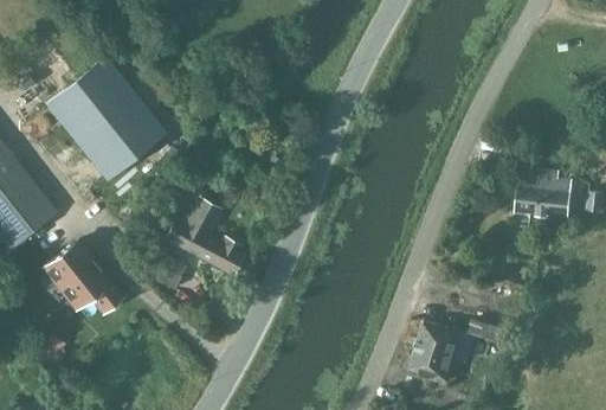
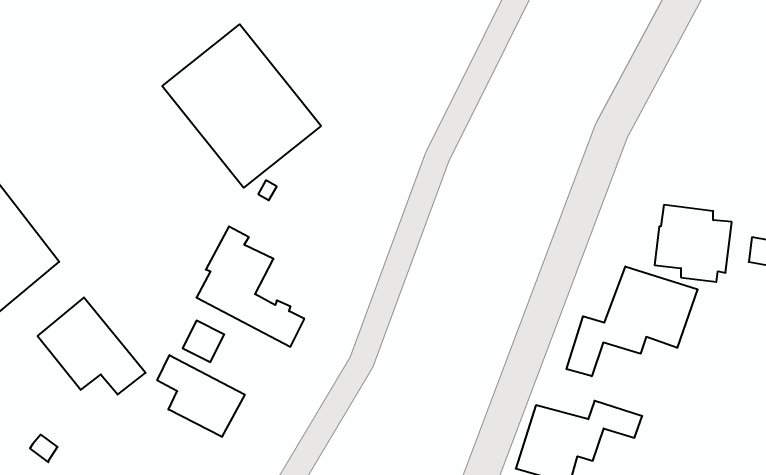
building: [45,55,167,180] -> [162,24,321,188]
building: none -> [567,266,698,376]
building: none -> [157,355,245,437]

